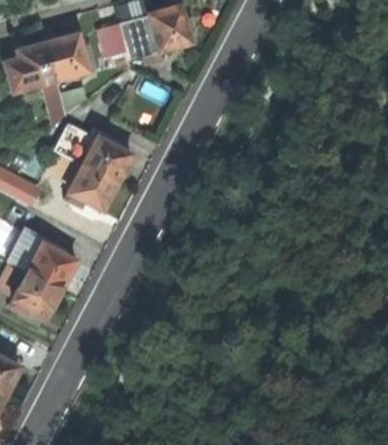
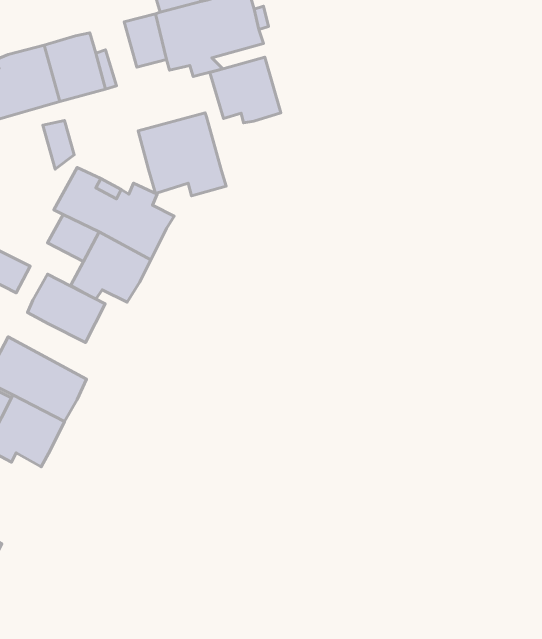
building: none -> [210,57,281,123]
building: none -> [138,113,226,196]
building: none -> [28,274,105,342]

